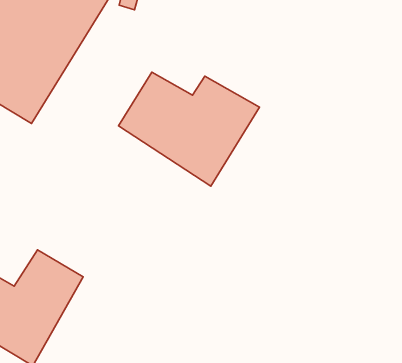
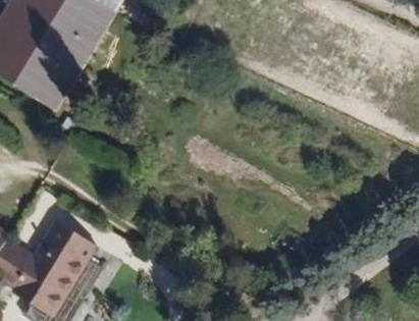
building: [118,72,259,186] -> none

